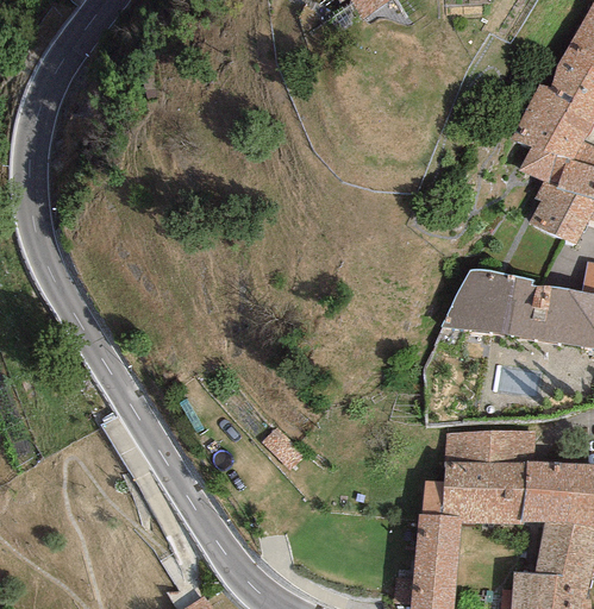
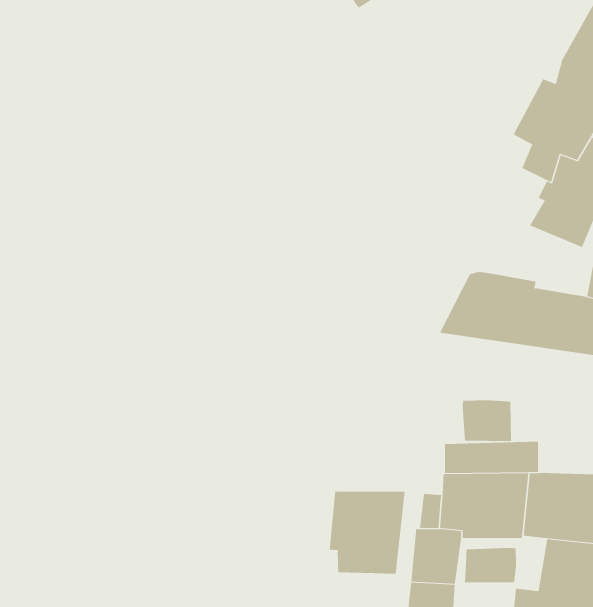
building: none -> [462,400,512,442]
building: none -> [329,491,405,575]
building: none -> [465,547,517,583]

